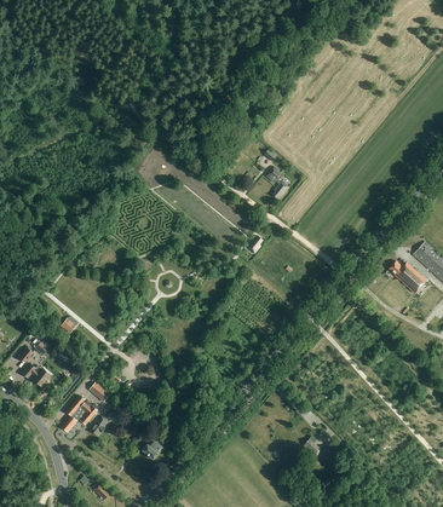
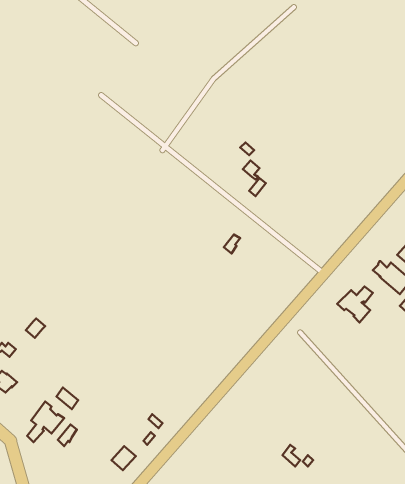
building: none -> [337,287,373,322]

